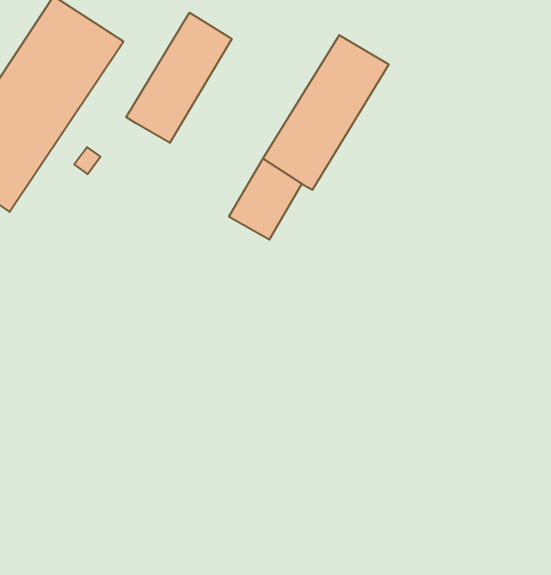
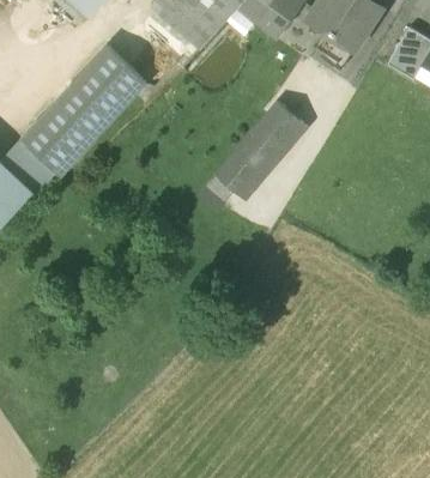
building: [126,13,232,143] -> none

